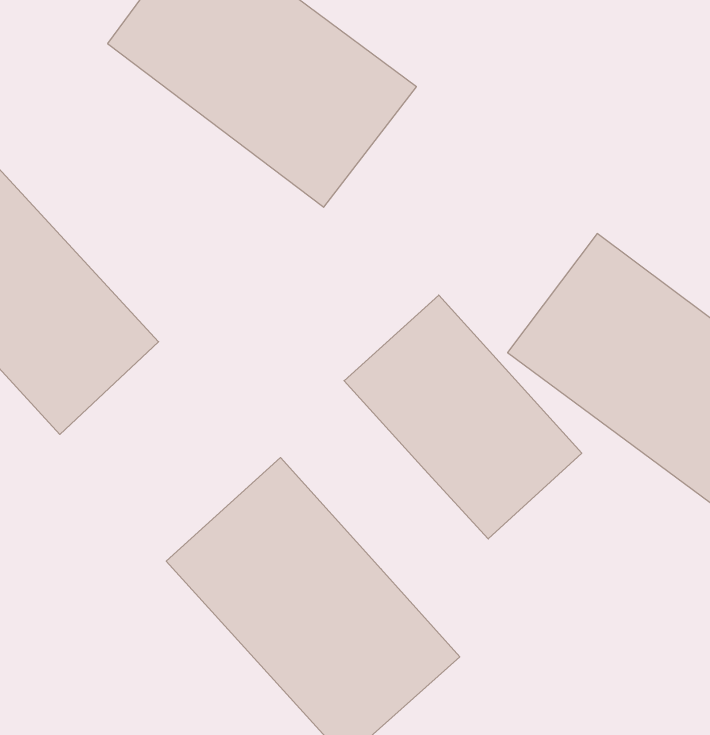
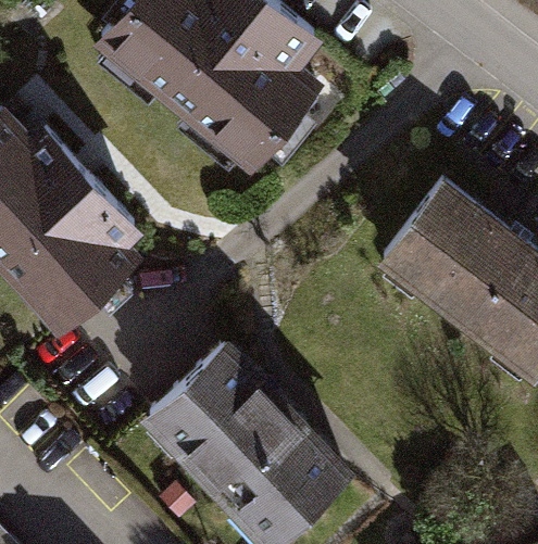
building: [344,295,582,539] -> none

